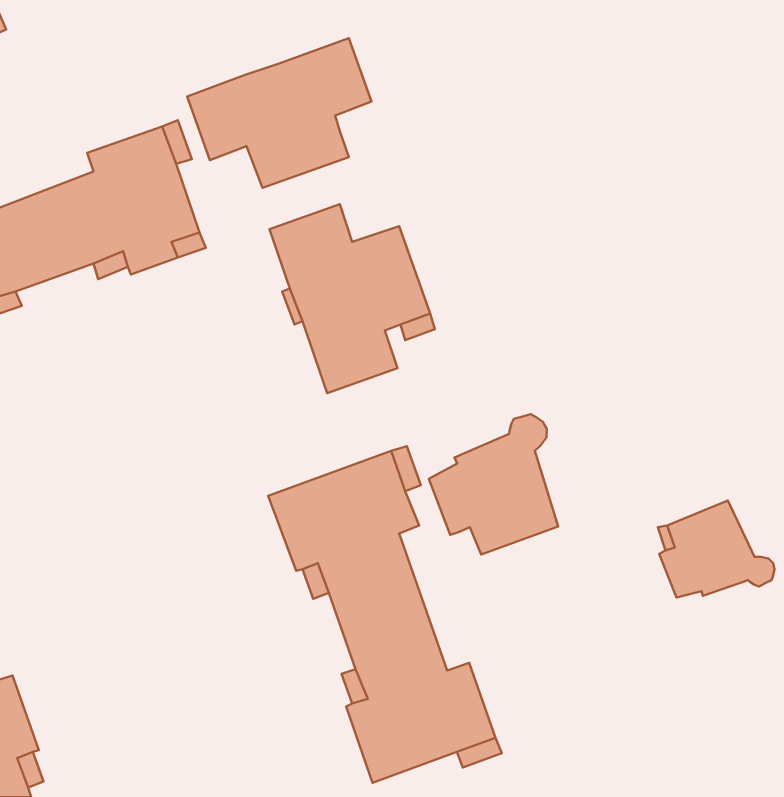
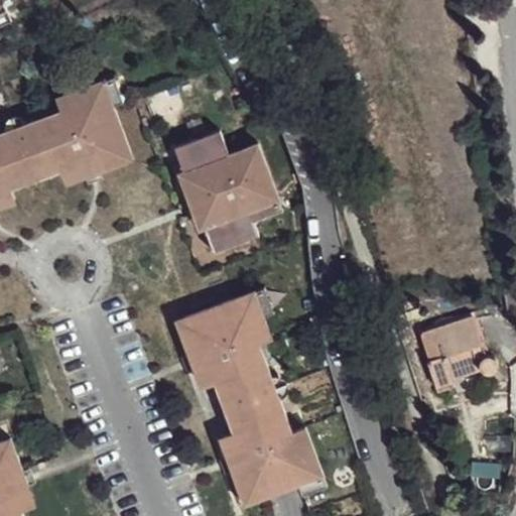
building: [187,38,372,188] -> none
building: [429,414,558,555] -> none

